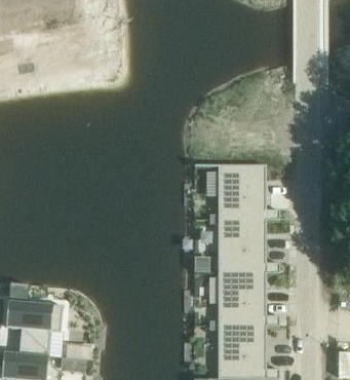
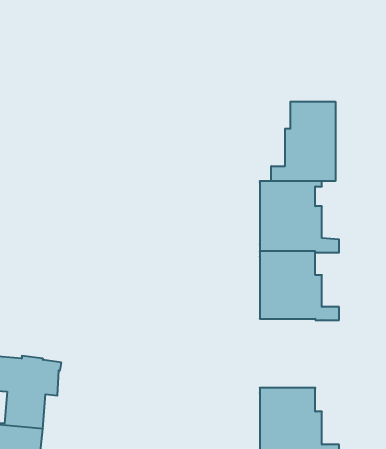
building: none -> [271,102,335,181]
building: [218,271,279,326] -> none

